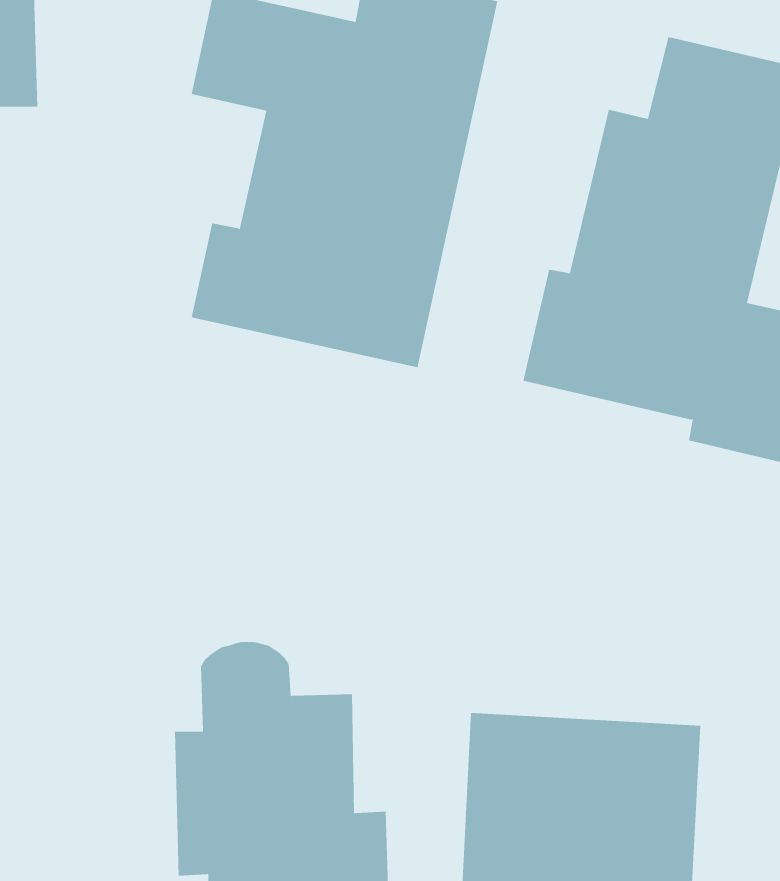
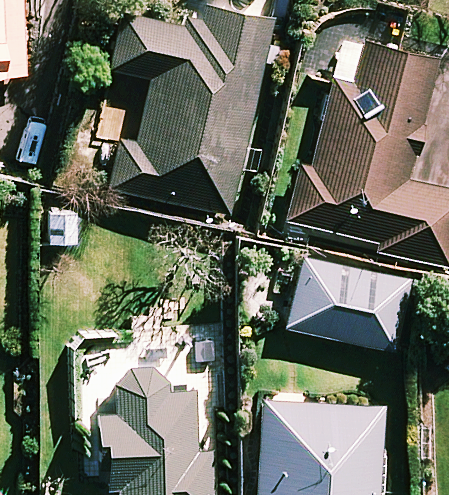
building: none -> [287,253,413,350]

